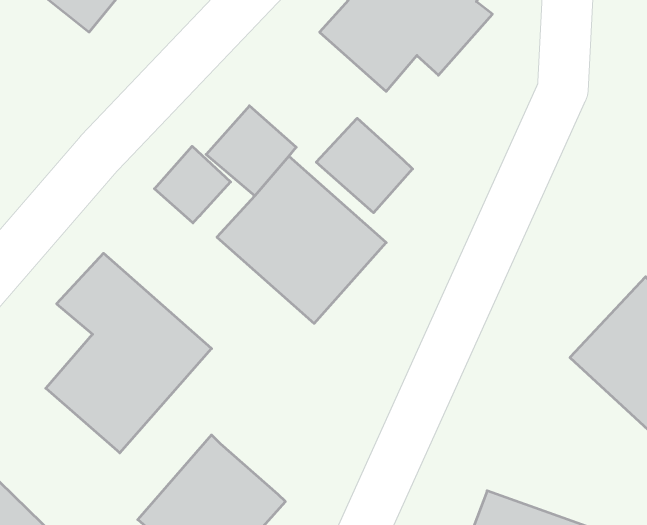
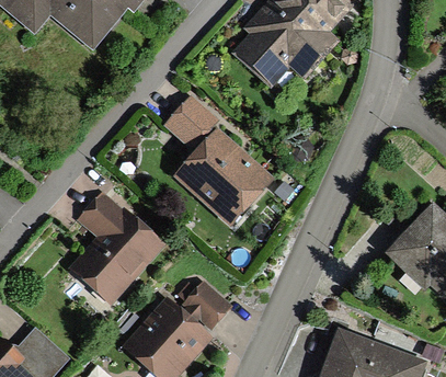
building: [316,118,413,213] -> none
building: [154,146,231,223] -> none
building: none -> [173,278,233,332]

